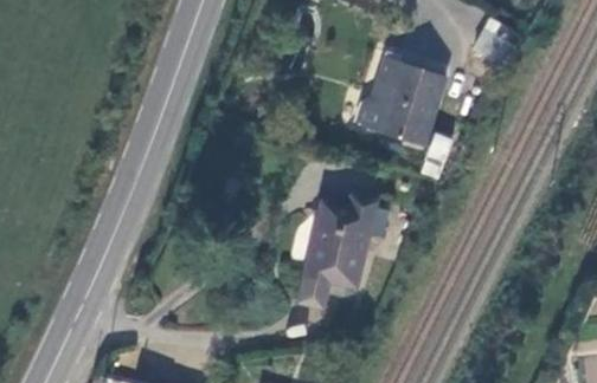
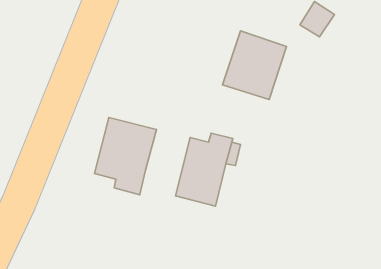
building: none -> [94,117,157,195]

